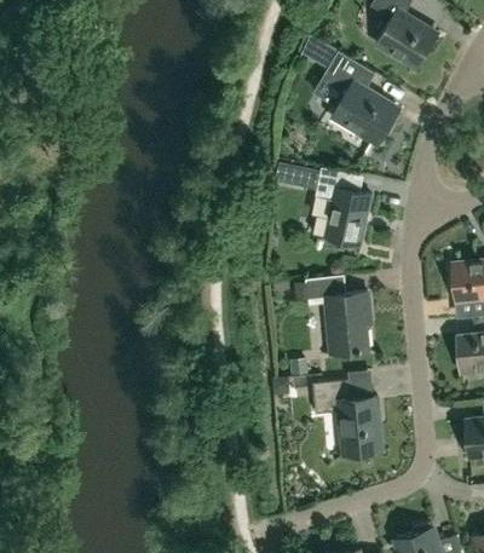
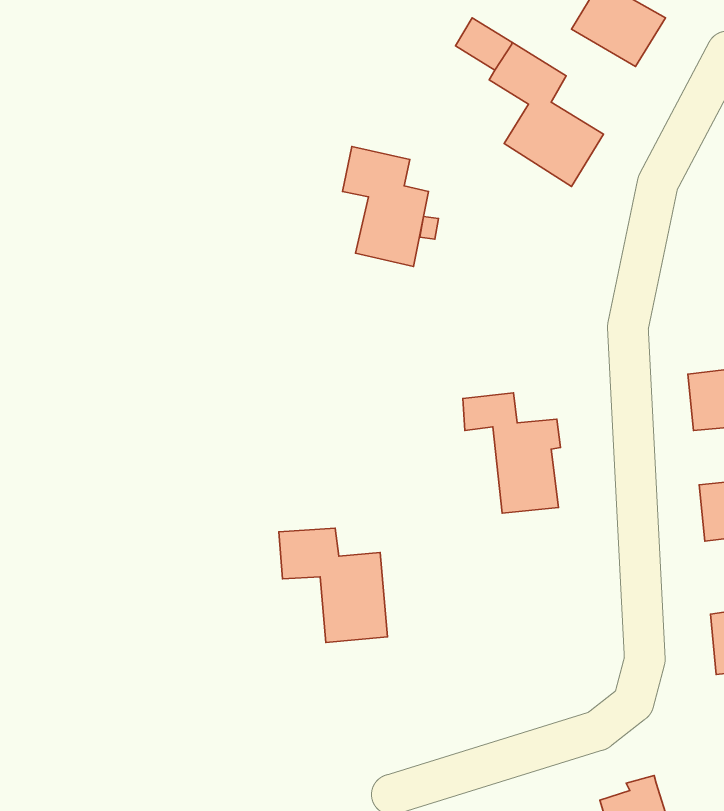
building: [316,168,371,246] -> [342,146,429,266]
building: [312,381,382,455] -> [279,528,388,643]

